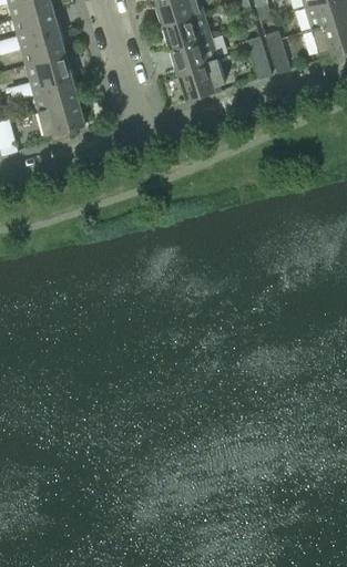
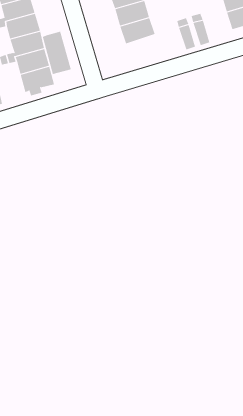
building: none -> [42,31,71,75]
building: [177,58,224,95] -> none

